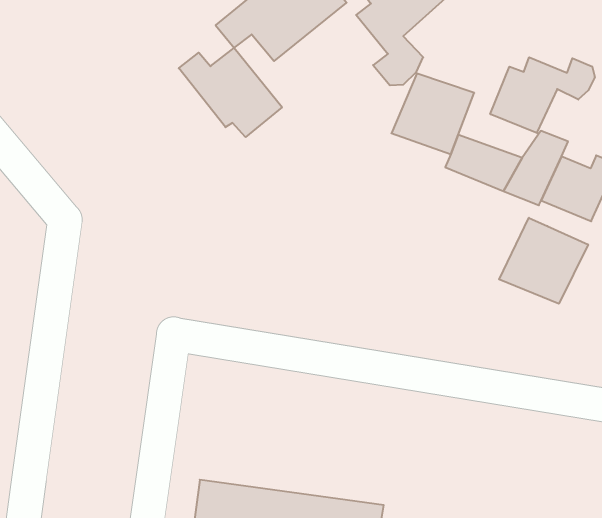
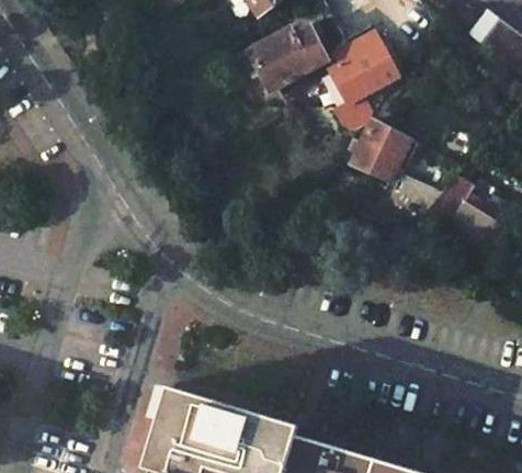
building: [179,48,282,137] -> none
building: [490,57,595,133] -> none
building: [499,218,588,304] -> none

